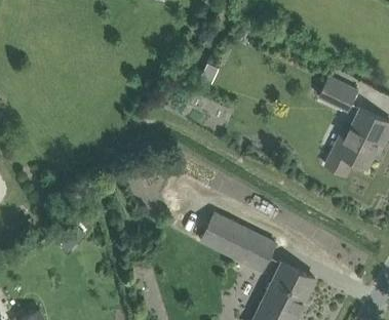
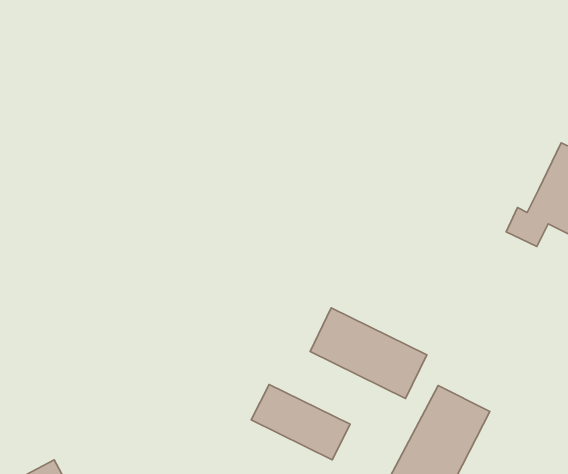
building: [316,72,358,111] -> none
building: none -> [251,385,350,460]

